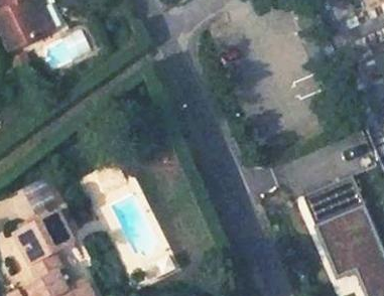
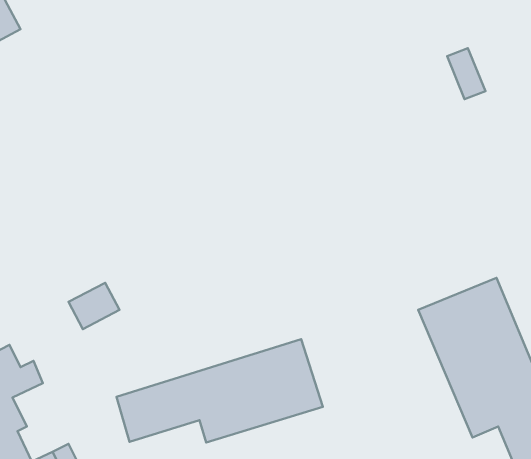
building: none -> [116,339,323,443]

